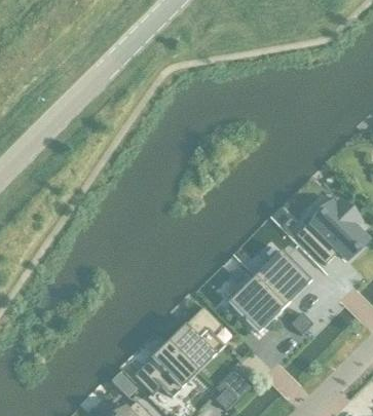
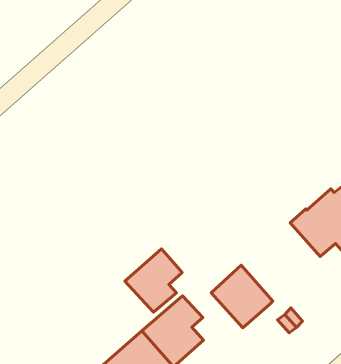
building: [254,250,310,306] -> none
building: none -> [125,249,182,312]

